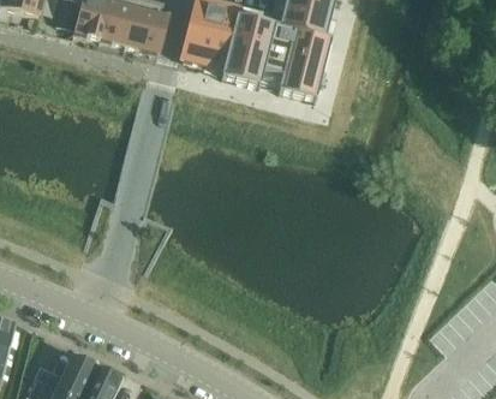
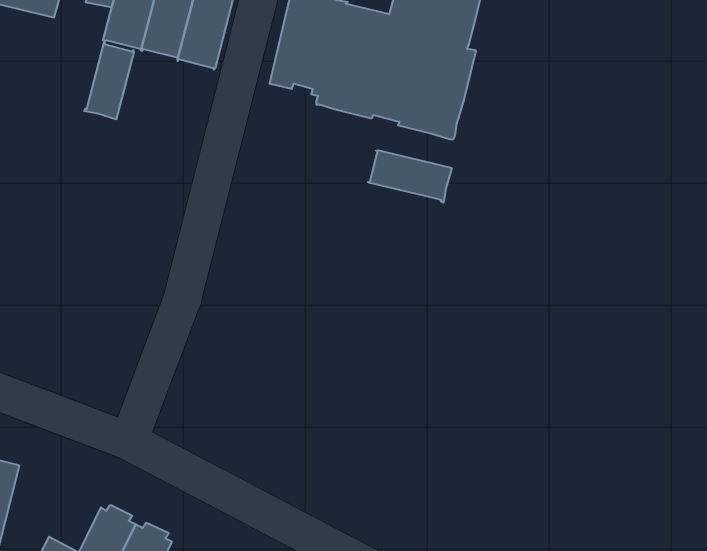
building: none -> [84,42,134,119]
building: none -> [368,150,452,203]

